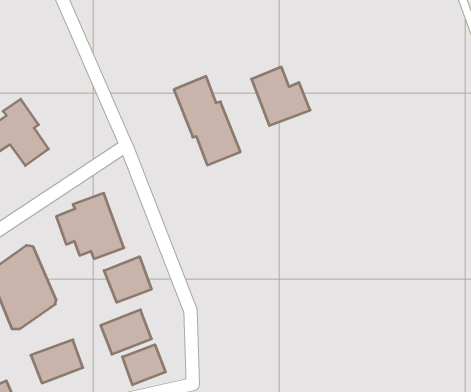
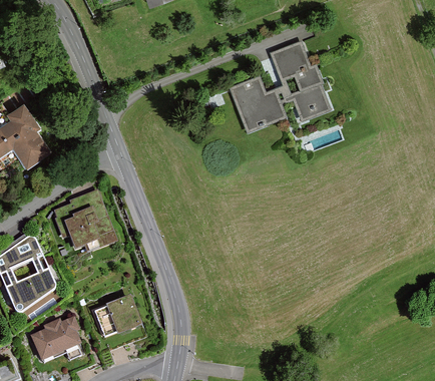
building: [174,76,240,165] -> [272,40,332,120]
building: [104,257,151,302] -> none
building: [122,345,166,385] -> none

